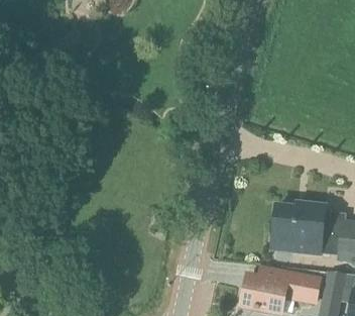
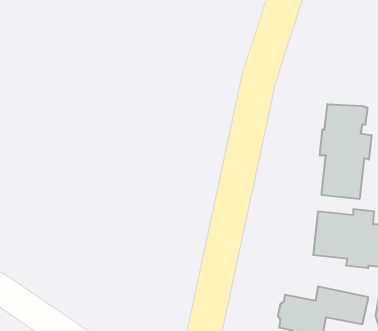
building: none -> [320,104,372,199]

